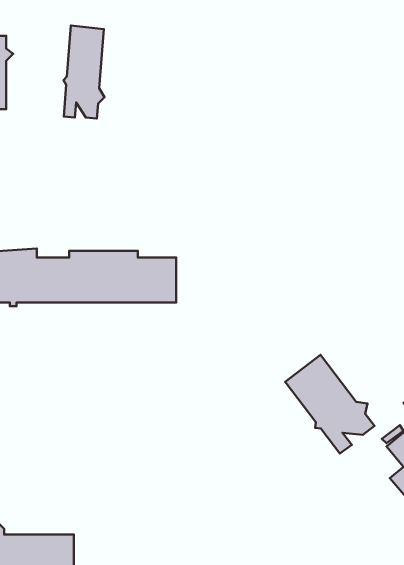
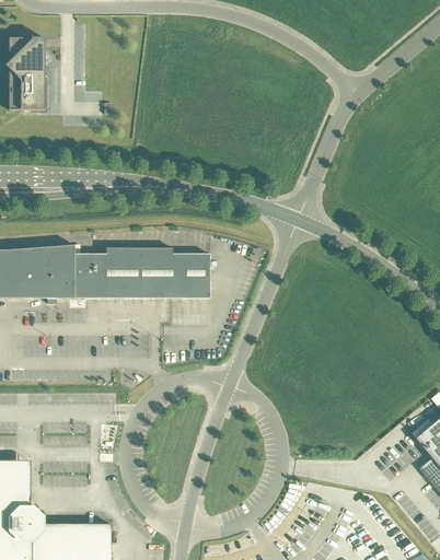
building: [64,26,105,119] -> none
building: [285,355,374,454] -> none

